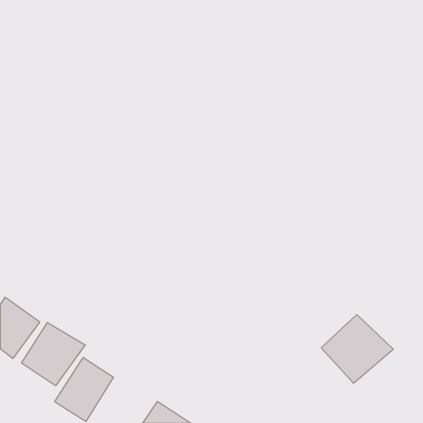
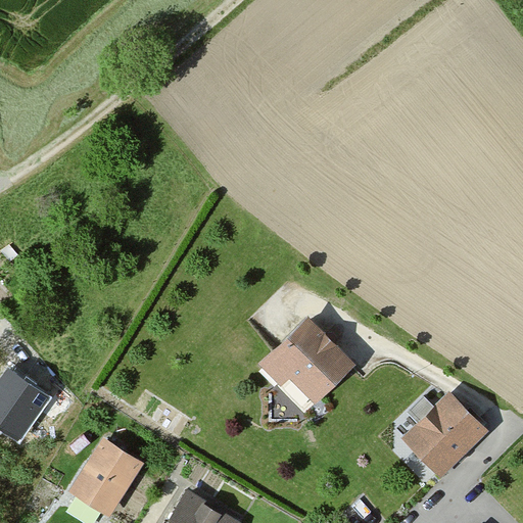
building: none -> [259,315,361,408]
building: [21,323,85,386] -> none

